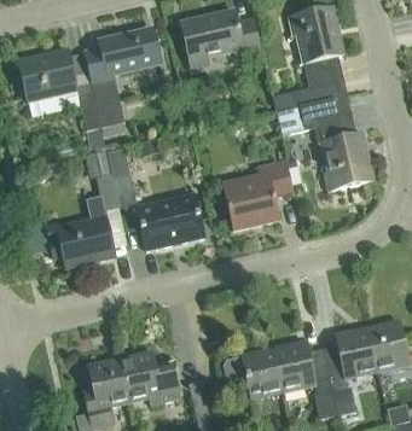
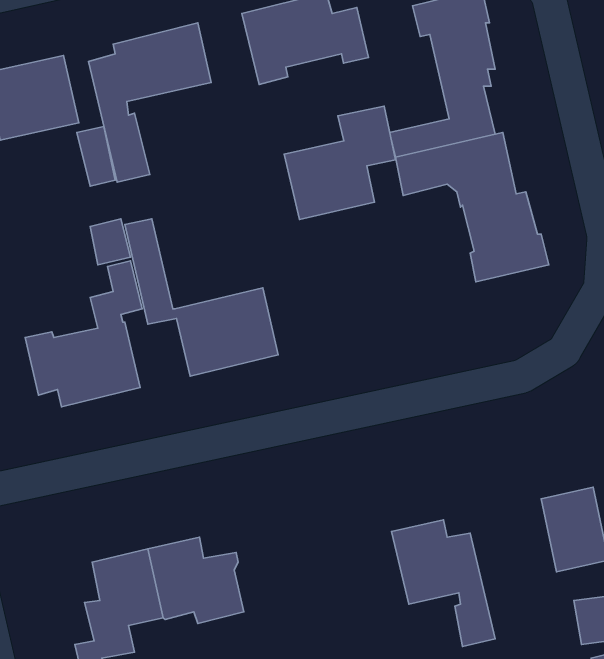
building: [224,158,294,229] -> [284,106,396,219]
building: [324,326,378,414] -> none
building: [225,346,285,400] -> none

